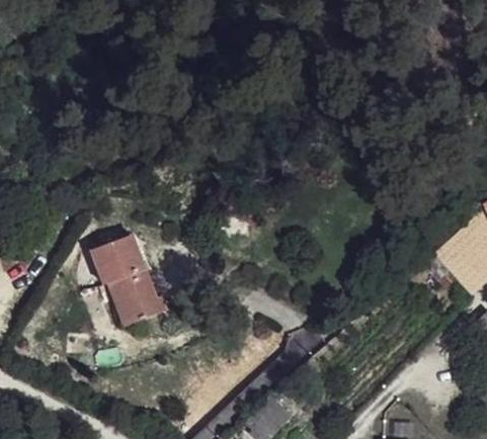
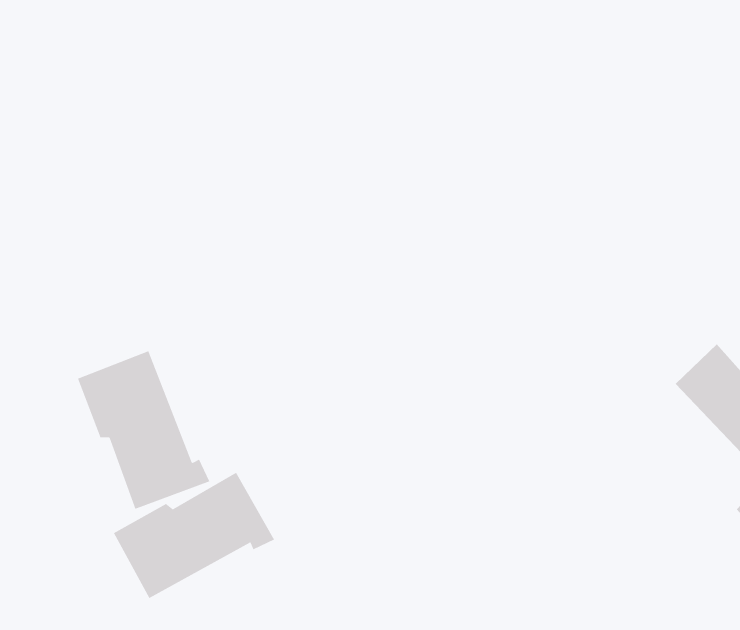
building: none -> [113,472,275,599]

